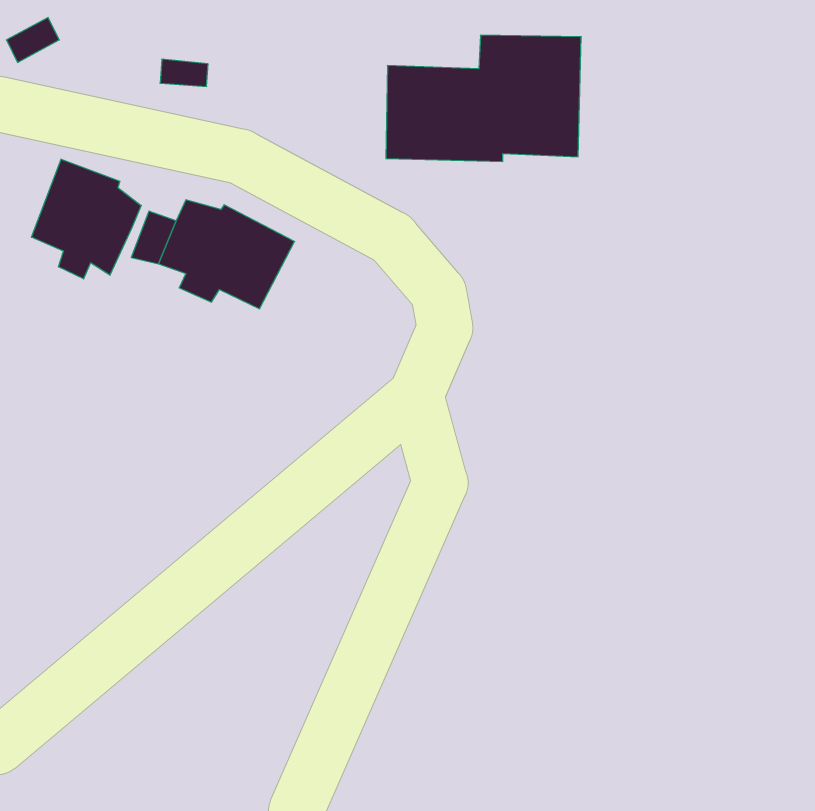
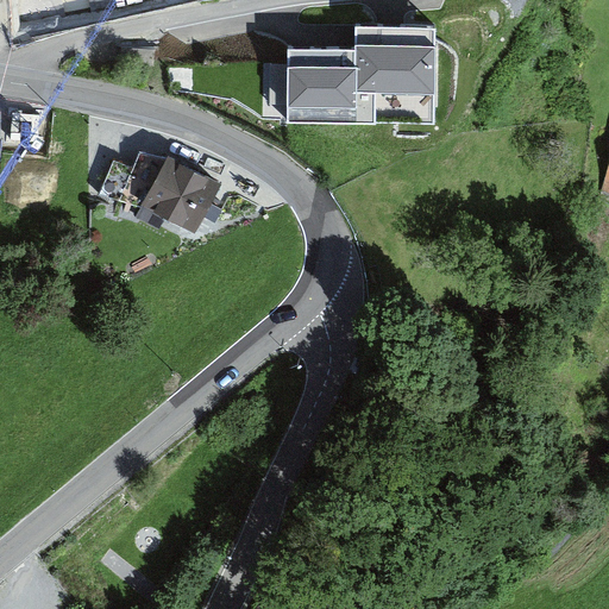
building: [31,159,141,279] -> none

